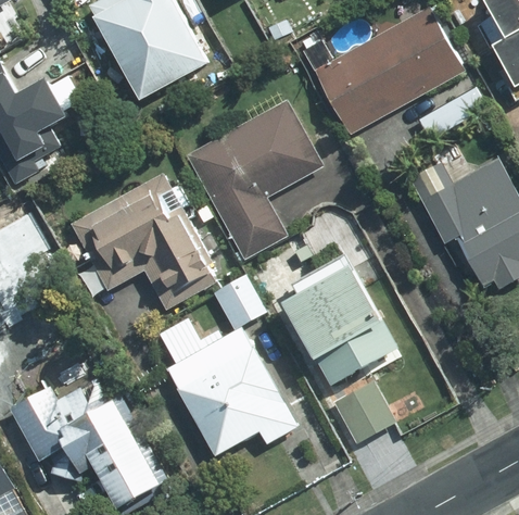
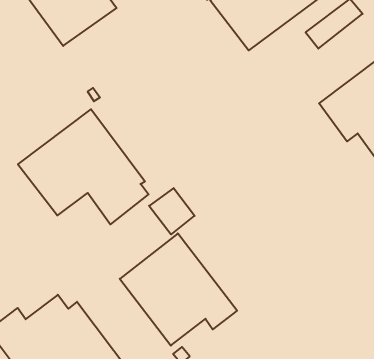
building: [188,101,320,258] -> none
building: [288,267,398,384] -> none
building: [333,380,394,442] -> none

